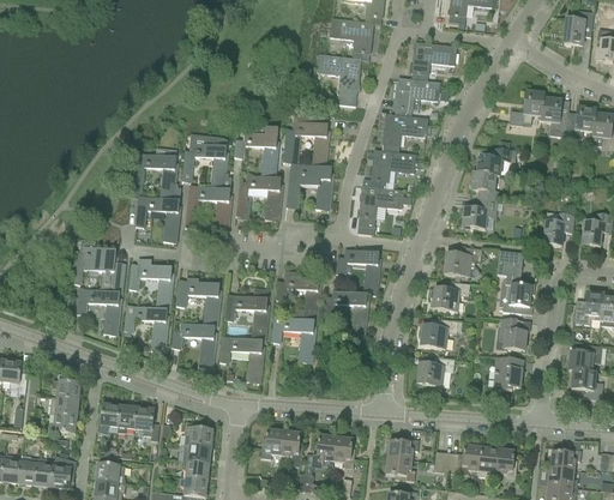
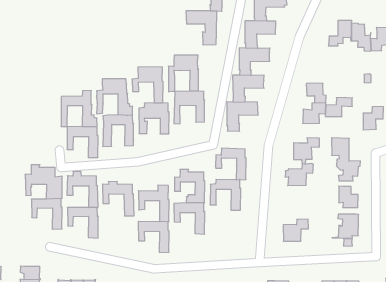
building: [476,147,516,174] -> [325,98,352,117]
building: [420,318,462,348] -> none
building: [171,323,216,368] -> none

